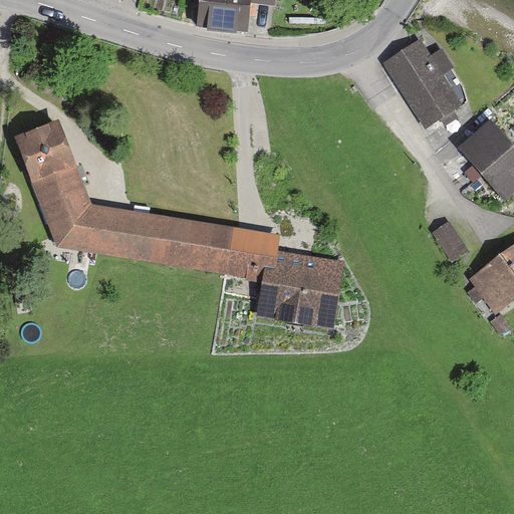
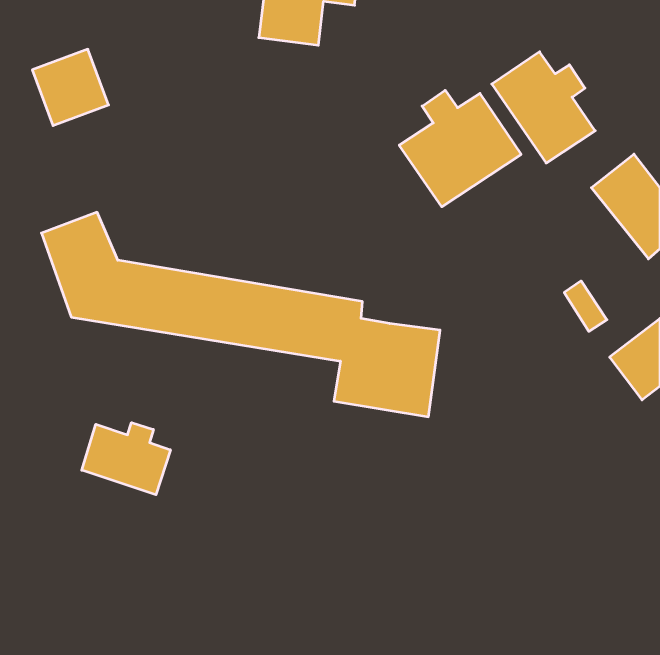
building: none -> [399,90,521,207]
building: [16,121,75,181] -> [32,49,109,126]
building: none -> [82,423,170,495]

